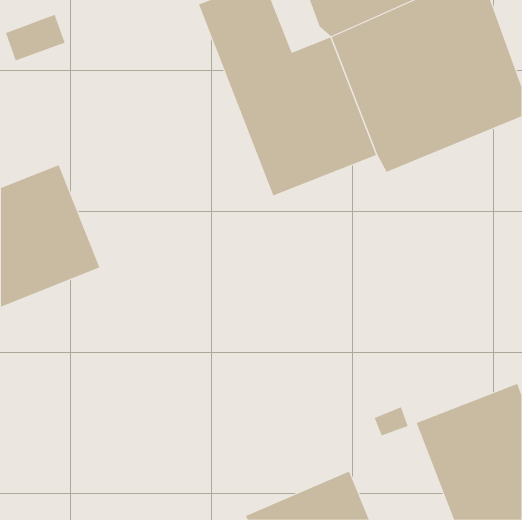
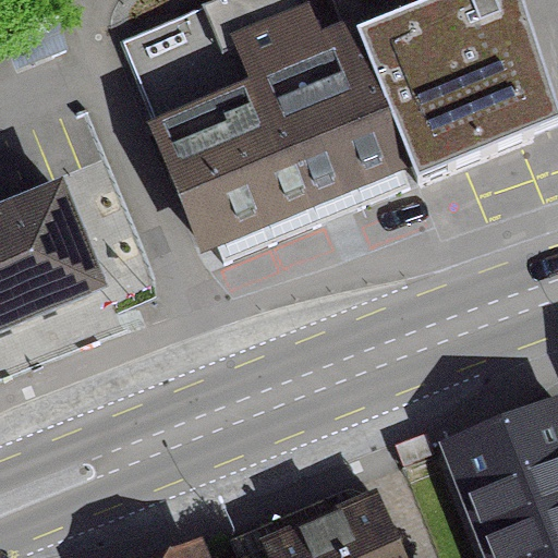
building: none -> [117,4,291,245]

